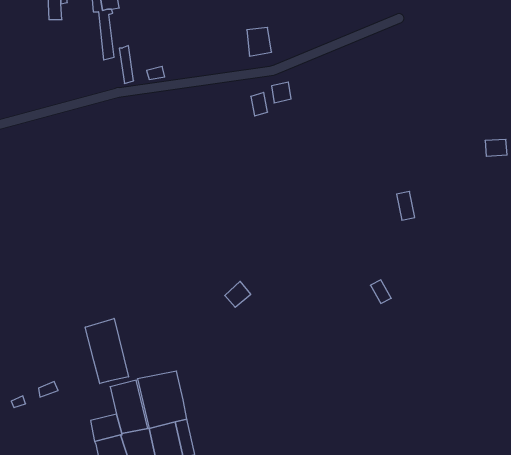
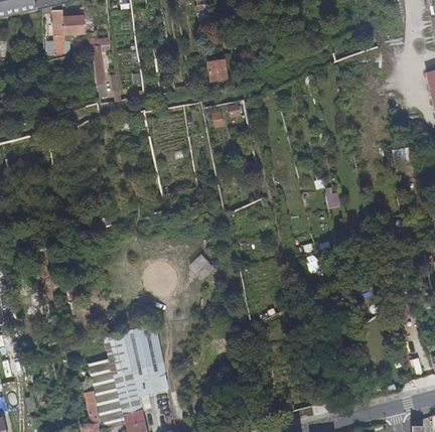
building: [85,318,128,384] -> none

